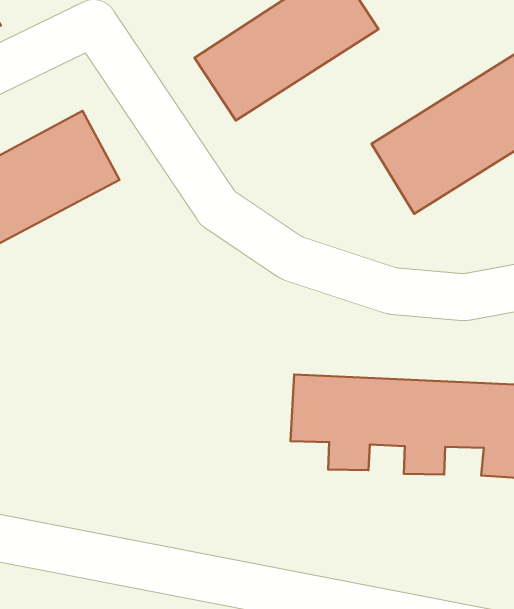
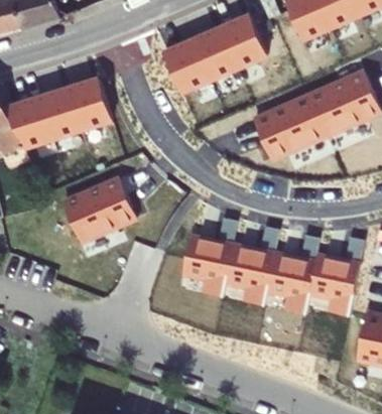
building: none -> [61,177,133,243]

